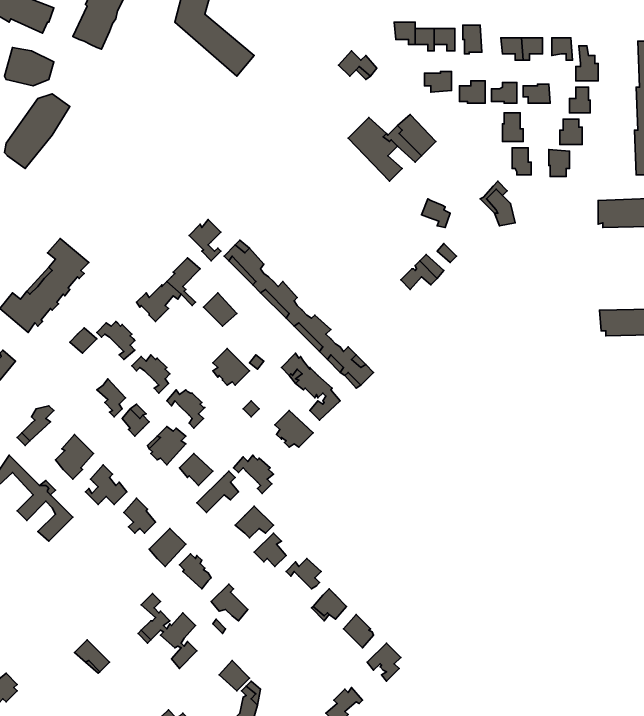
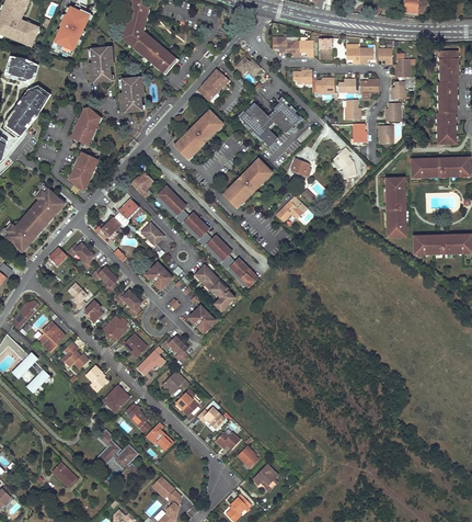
building: none -> [92,48,111,83]
building: none -> [198,69,229,100]
building: none -> [123,79,141,113]
building: none -> [70,106,100,145]
building: none -> [177,110,223,157]
building: none -> [68,151,97,188]
building: none -> [226,157,272,205]
building: none -> [387,177,406,235]

